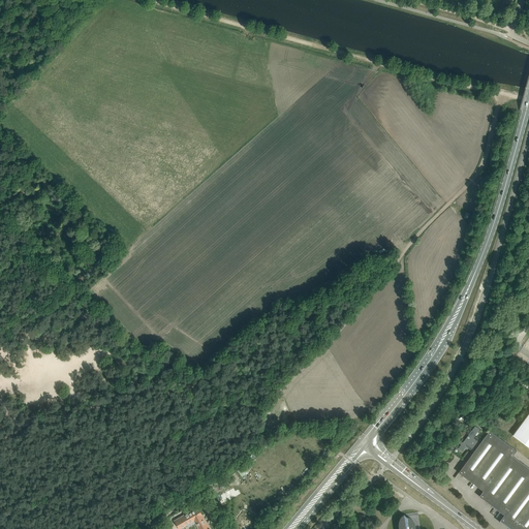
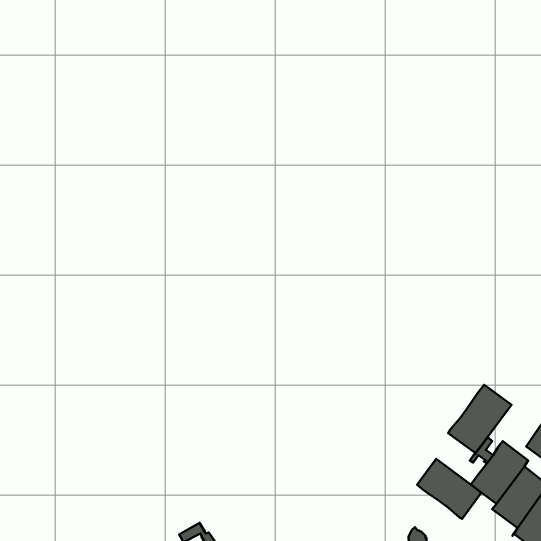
building: none -> [448,385,511,453]
building: none -> [417,459,481,519]

